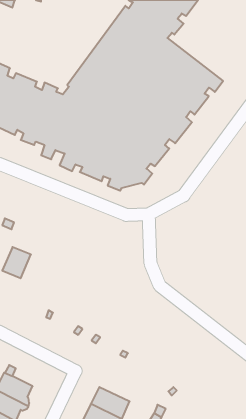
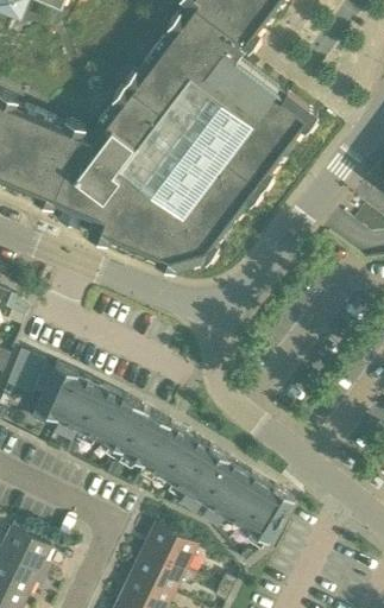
building: none -> [30,363,294,540]
building: none -> [141,524,197,569]

